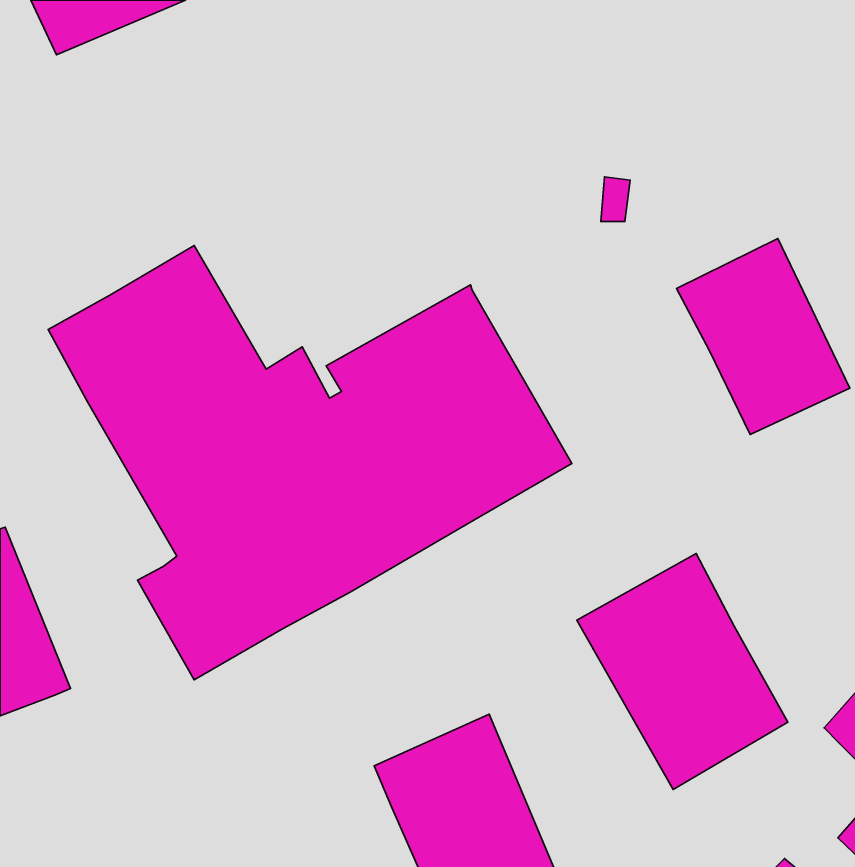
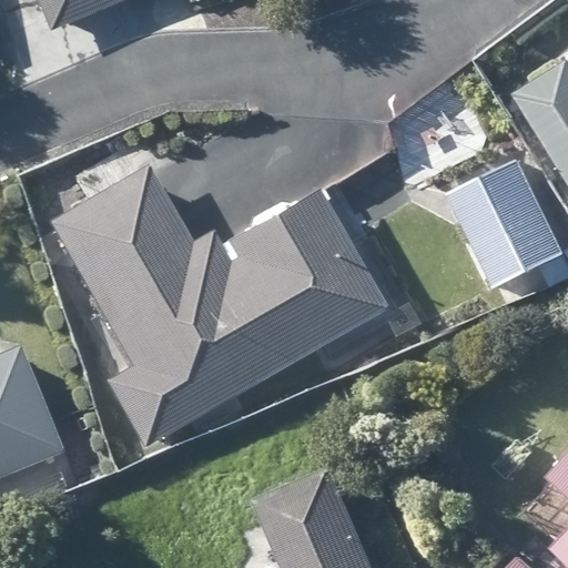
building: [577,553,788,789] -> none

